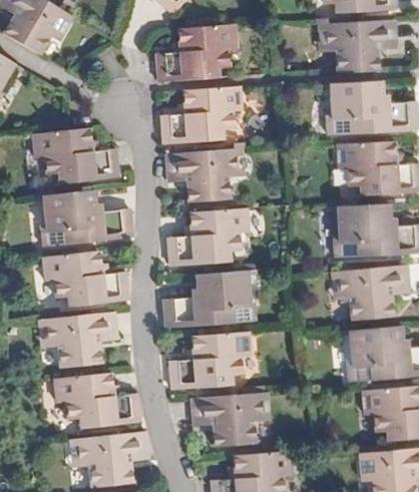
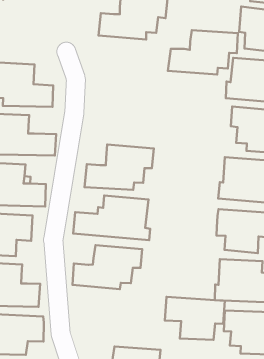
building: [162,87,243,144] -> [168,30,238,74]
building: [167,150,240,203] -> none
building: [191,394,265,447] -> [165,297,225,340]

